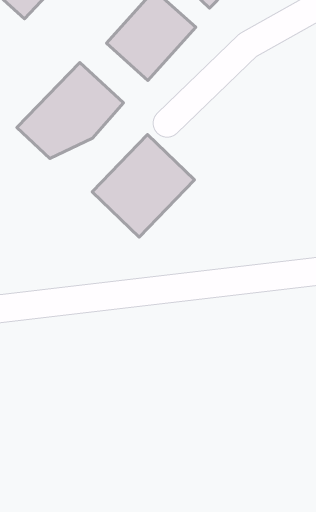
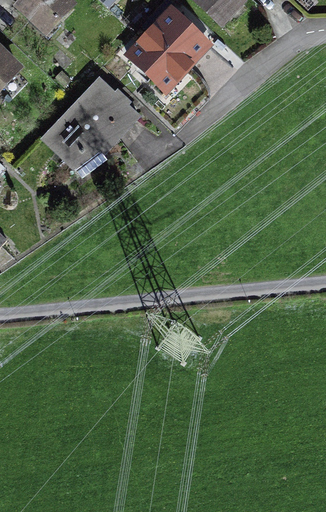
building: [92,134,194,237] -> none

